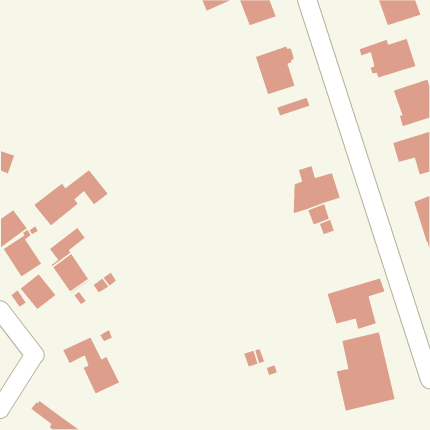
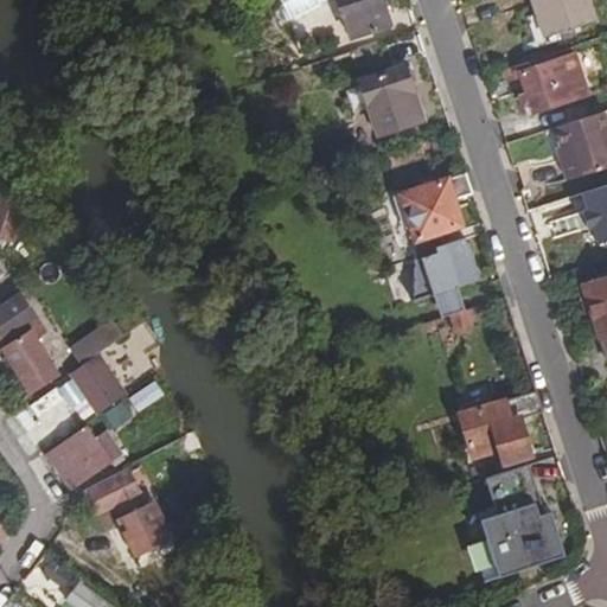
building: none -> [400,172,472,239]
building: [33,169,109,226] -> none
building: none -> [50,429,120,487]

